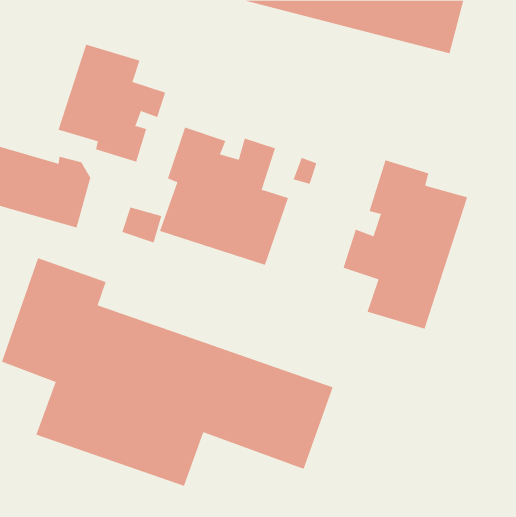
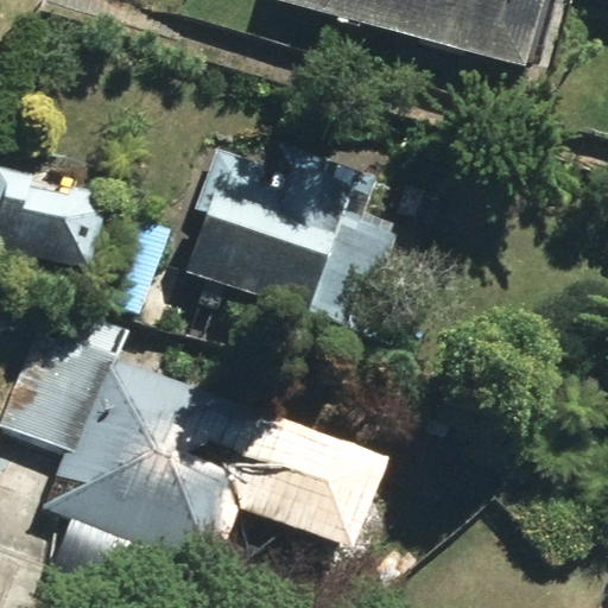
building: [58,44,166,163] -> none
building: [343,159,468,329] -> none

